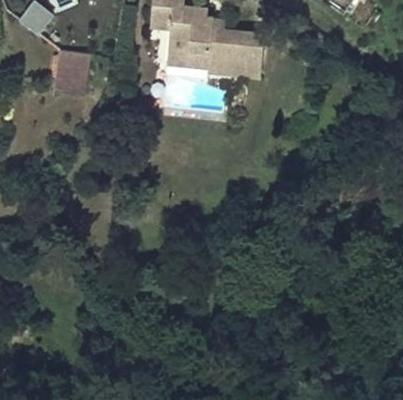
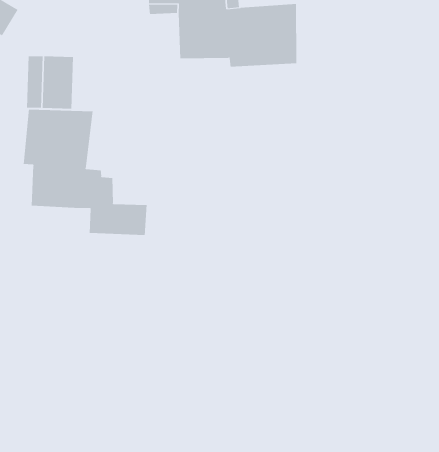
building: none -> [23,109,147,236]

